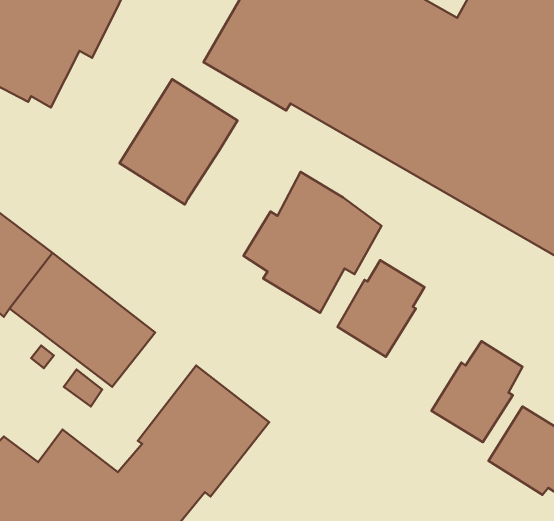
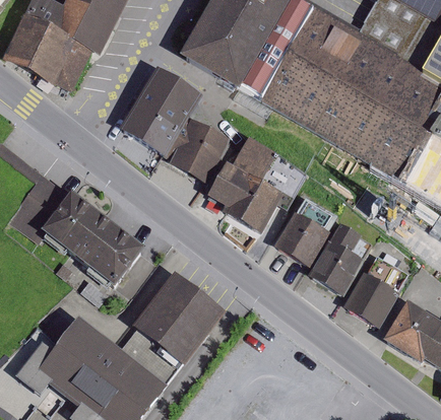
building: none -> [169,119,232,183]
building: none -> [310,223,373,294]

